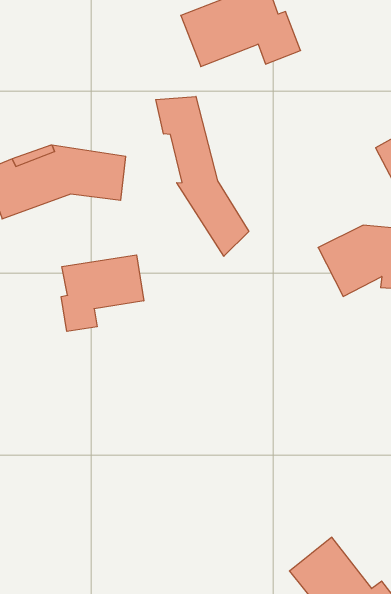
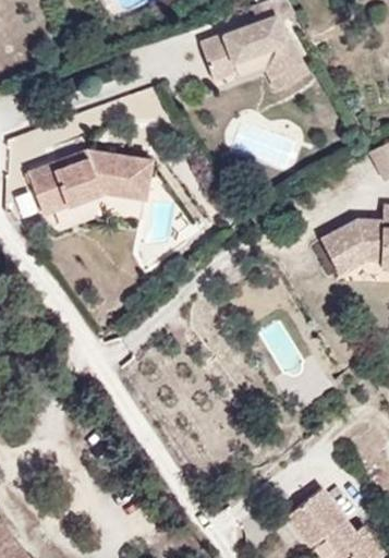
building: [156,96,249,256] -> none
building: [61,255,144,331] -> none

